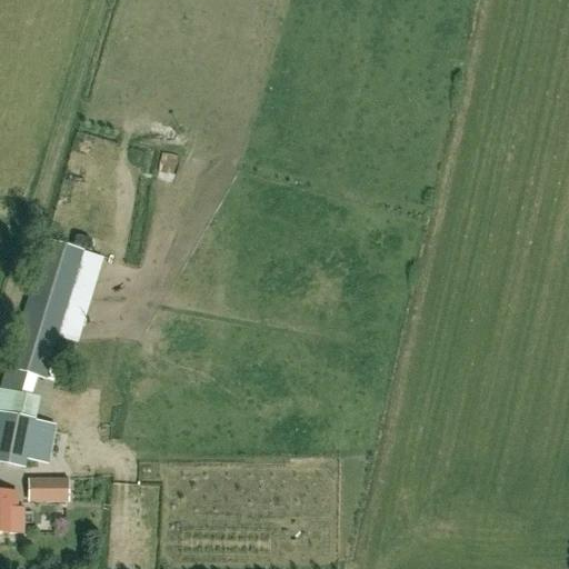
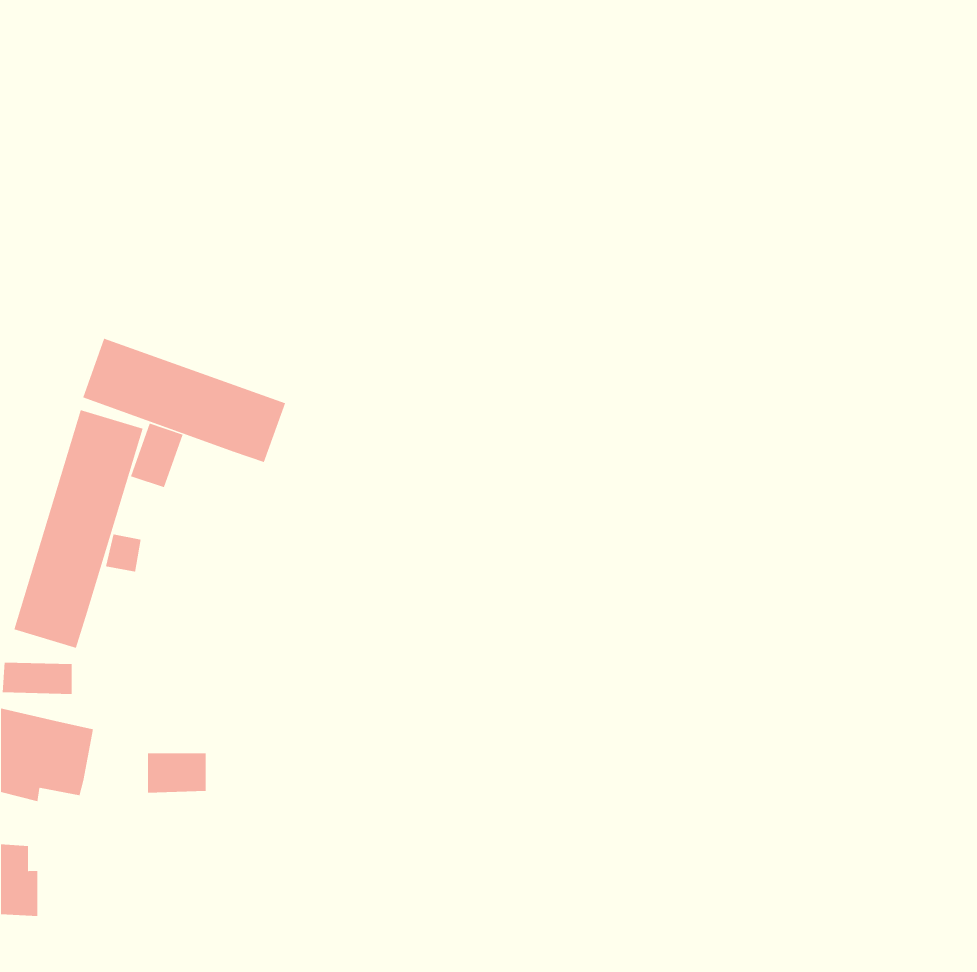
building: none -> [82,338,286,463]
building: [34,478,69,501] -> [147,753,207,793]

